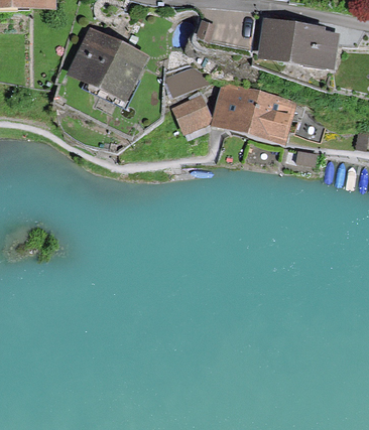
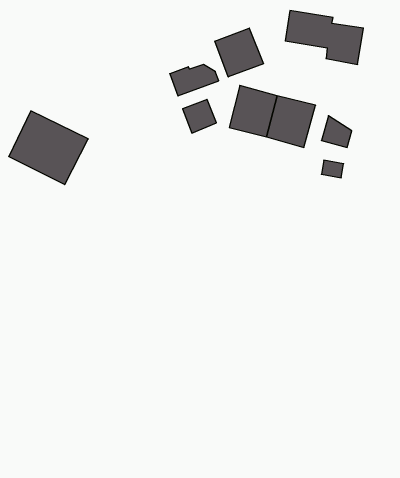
building: [72,33,140,97] -> [9,111,88,185]
building: none -> [215,28,263,77]

